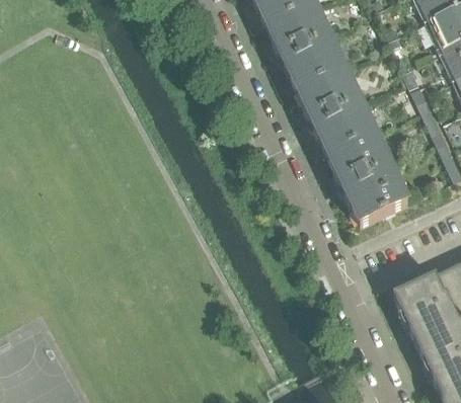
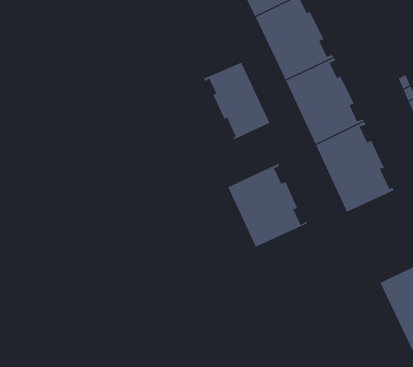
building: none -> [203,62,270,140]
building: none -> [228,163,307,247]

